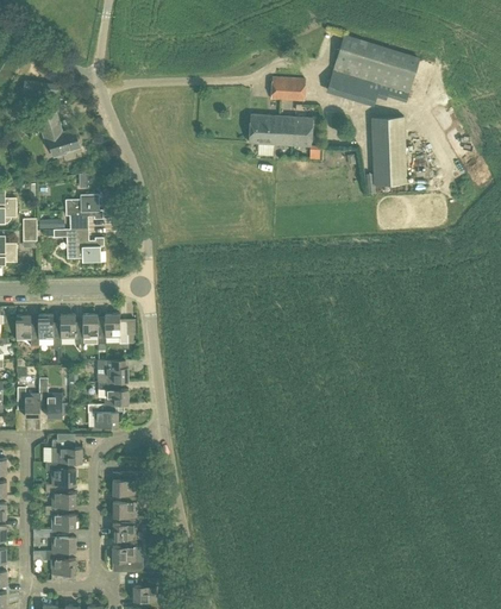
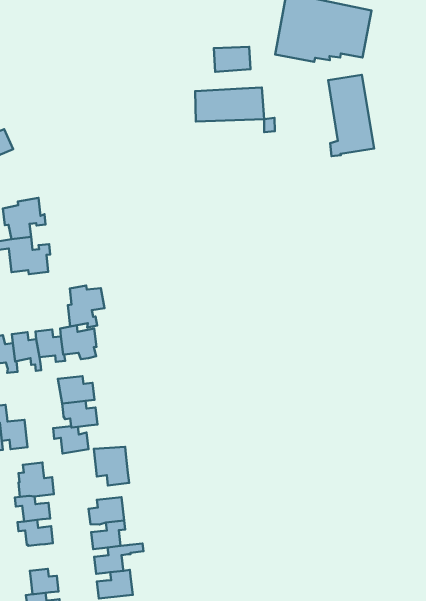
building: none -> [68,286,104,327]
building: none -> [94,447,129,485]
building: [46,506,76,529] -> none

